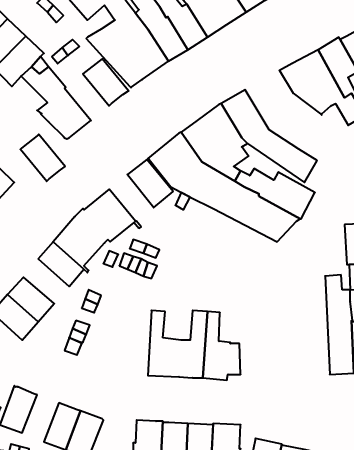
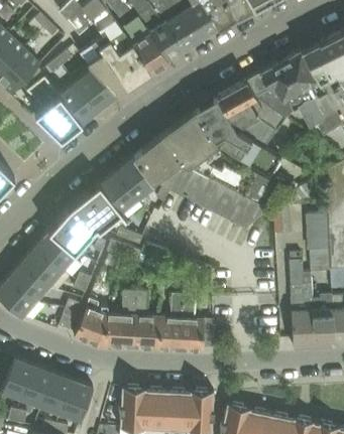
building: none -> [219,80,288,149]
building: [20,134,65,181] -> [60,83,99,124]
building: none -> [99,171,138,212]
building: none -> [23,246,64,285]
building: none -> [75,290,136,348]
building: none -> [22,366,54,407]

